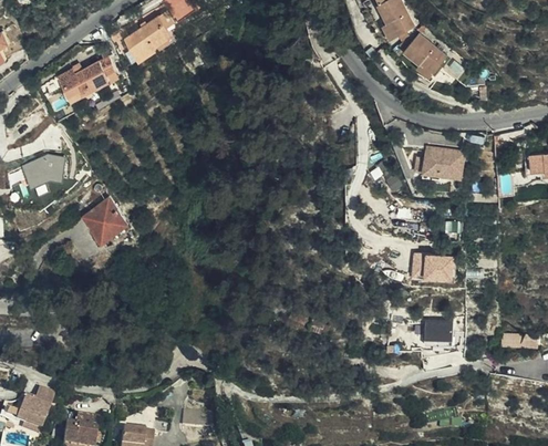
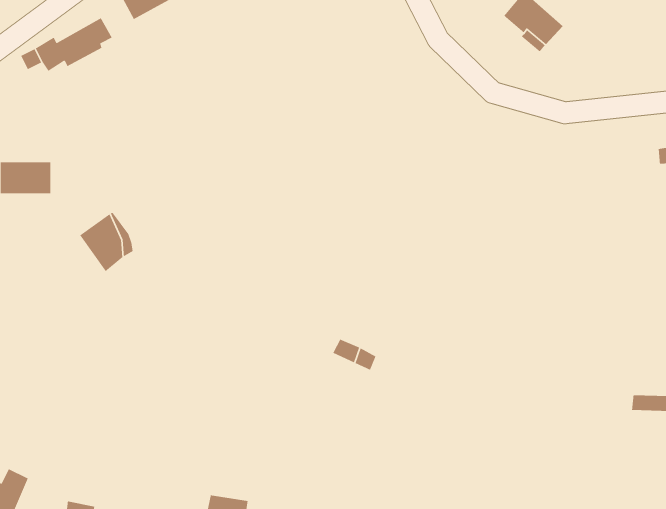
building: [425,153,464,181] -> none
building: [425,257,455,281] -> none
building: [424,324,451,342] -> none

